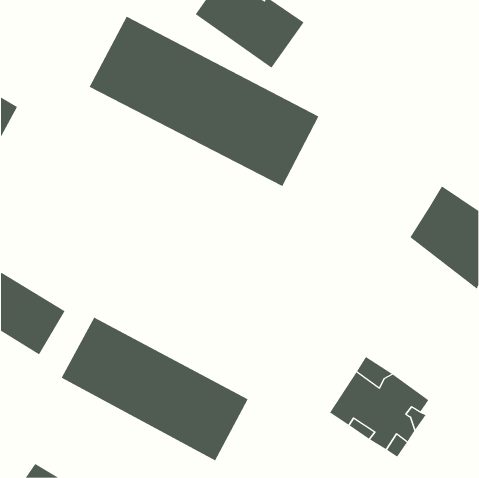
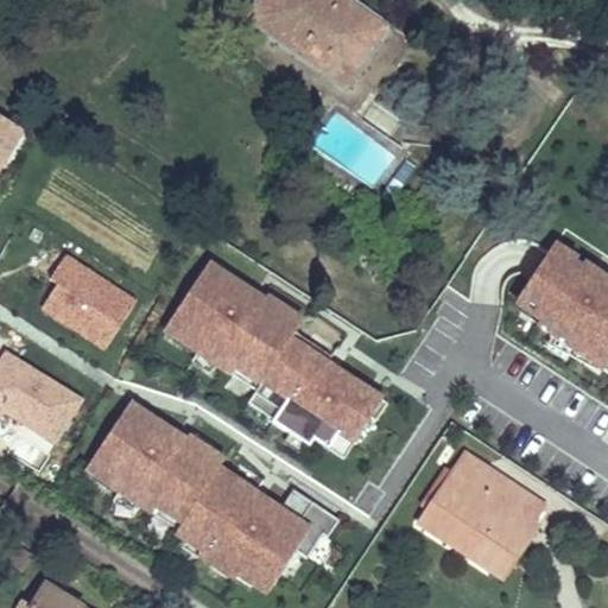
building: [89,16,319,187] -> none
building: none -> [32,251,137,348]
building: none -> [159,255,384,457]

